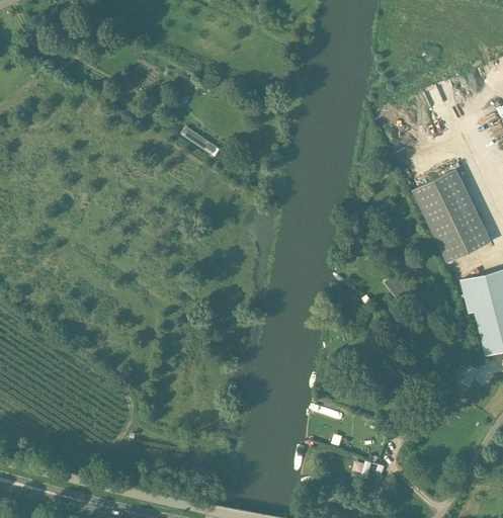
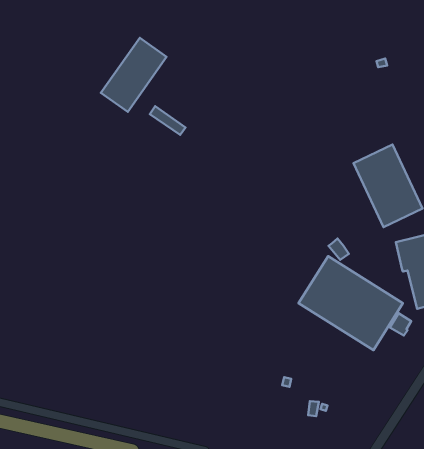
building: none -> [101,38,167,112]
building: none -> [298,256,403,350]

